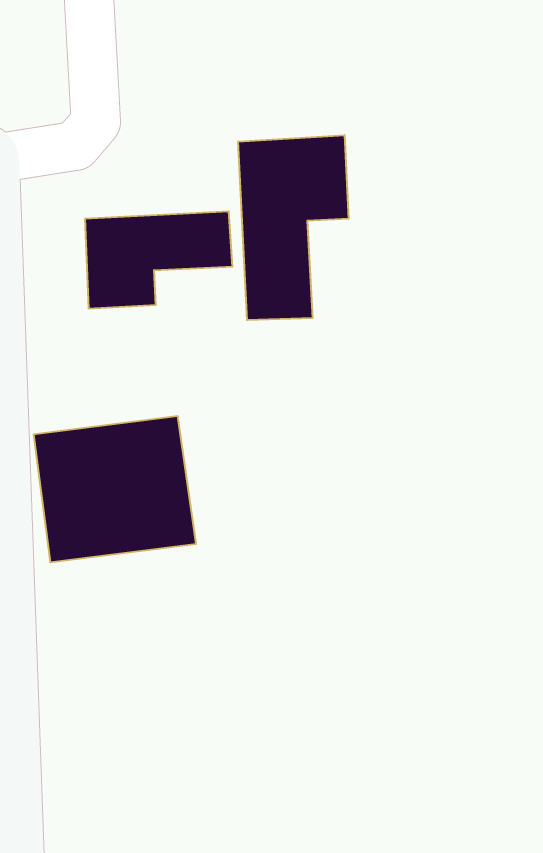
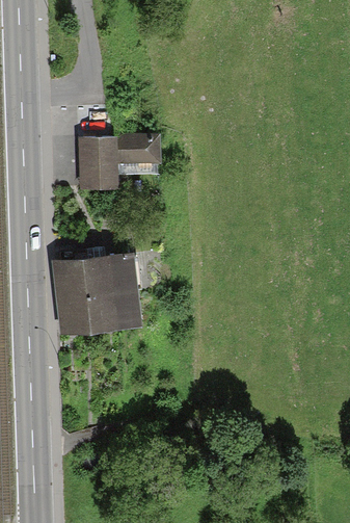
building: [238,135,349,320] -> none

